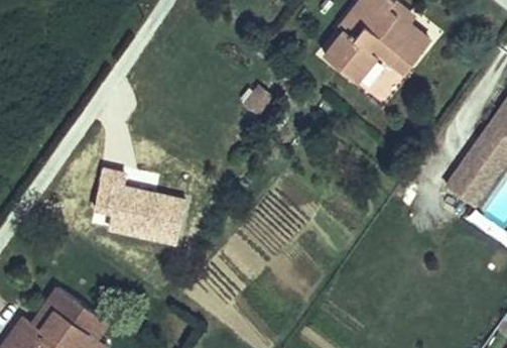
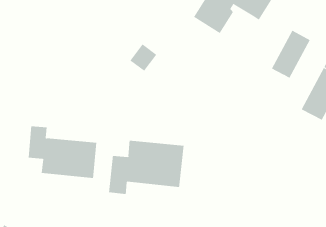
building: none -> [271,30,311,79]
building: none -> [109,140,184,195]

